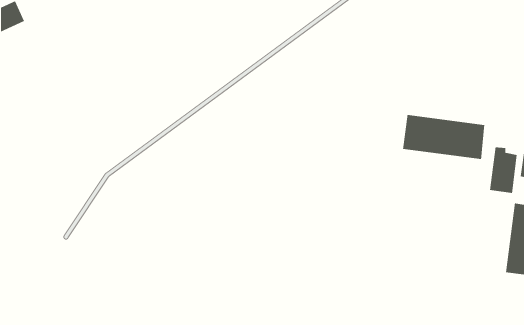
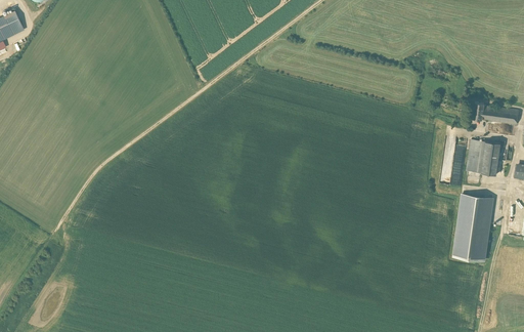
building: [402,114,485,160] -> none

